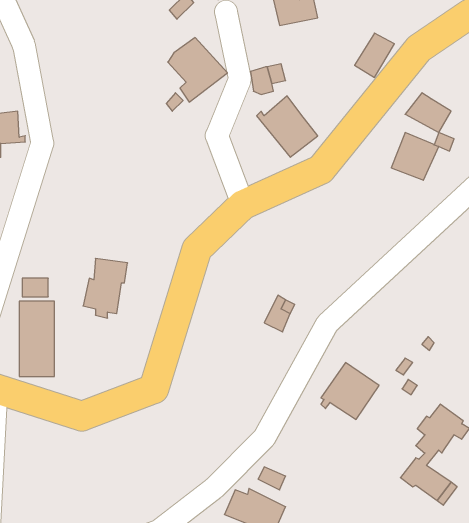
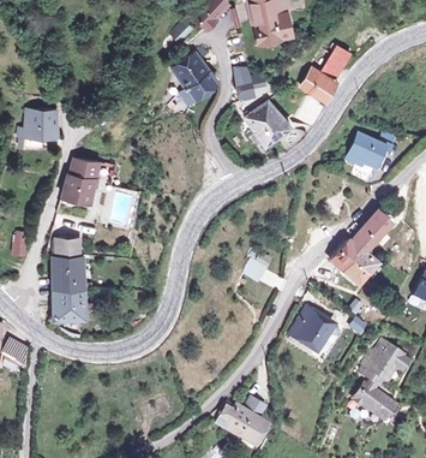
building: [405,93,451,133] -> [296,70,332,101]
building: none -> [331,216,391,286]
building: [83,258,128,318] -> [61,159,96,206]

